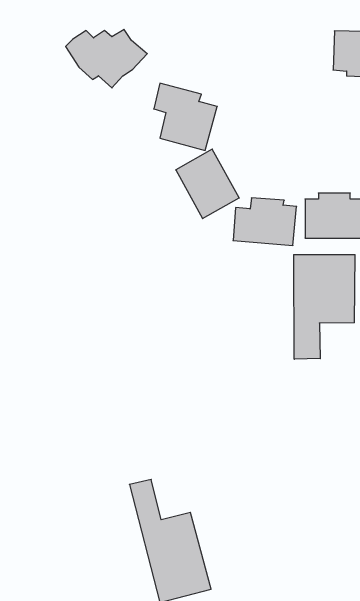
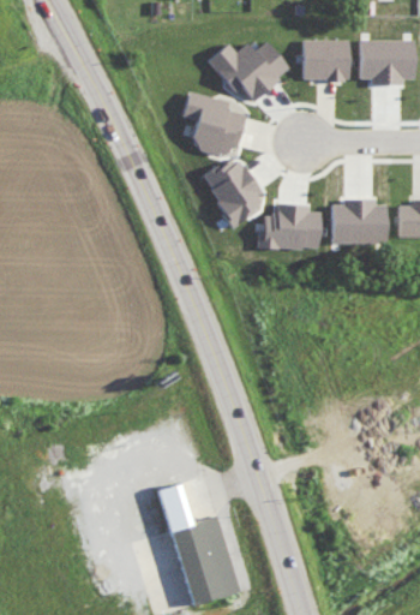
building: [66,29,147,88] -> [208,43,288,101]
building: none -> [301,40,350,80]
building: [294,255,355,359] -> none

